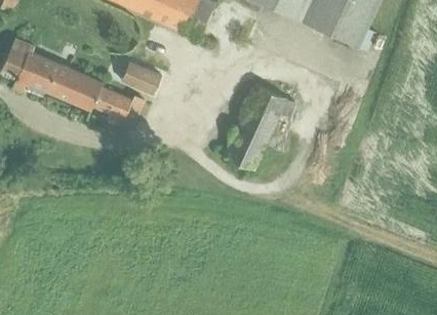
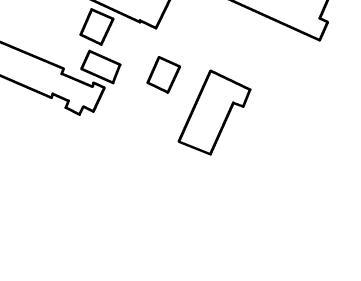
building: none -> [81,9,113,45]
building: none -> [148,57,180,93]

